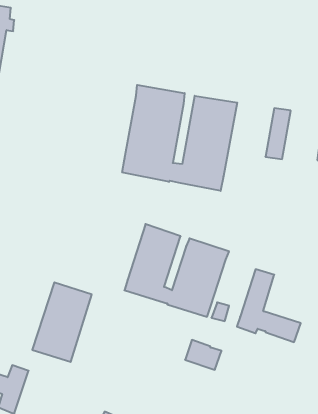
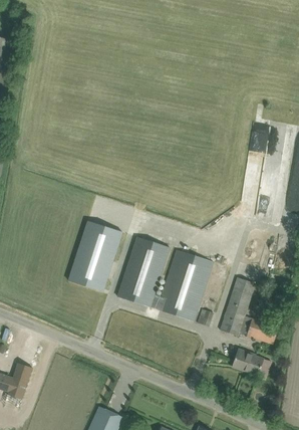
building: [122,85,237,191] -> none
building: [32,282,92,362] -> [67,219,121,291]
building: [185,340,222,370] -> [232,349,265,376]

